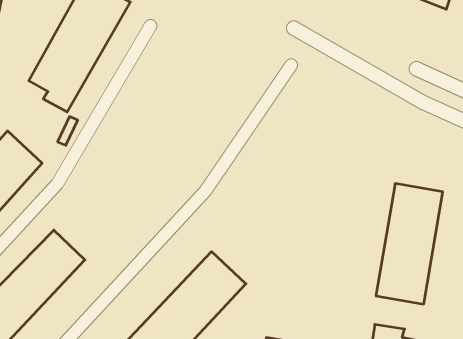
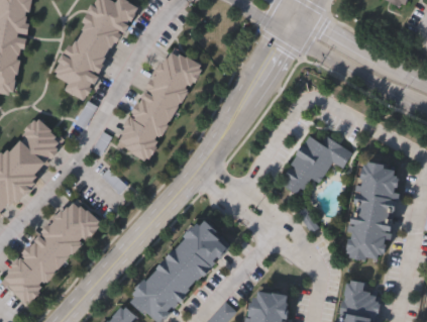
building: none -> [115,46,198,162]
building: none -> [277,133,352,196]

